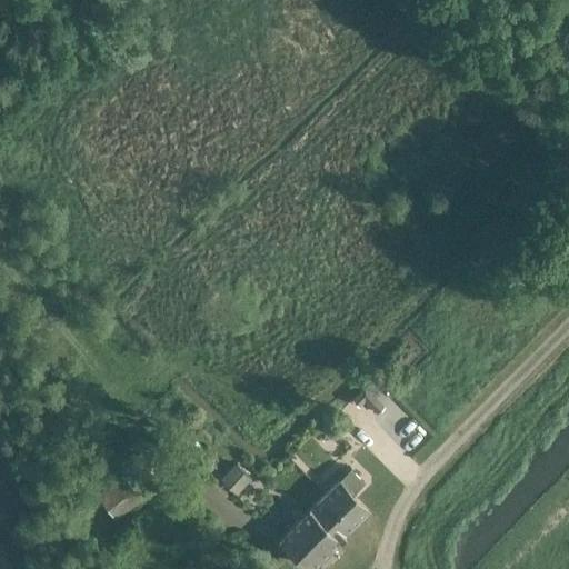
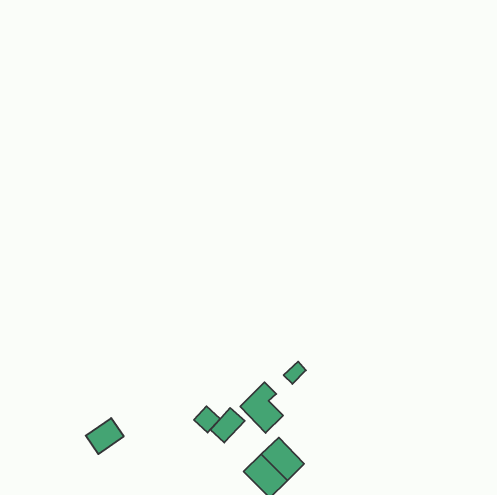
building: none -> [211,408,245,443]
building: [319,475,368,532] -> [240,382,283,433]

